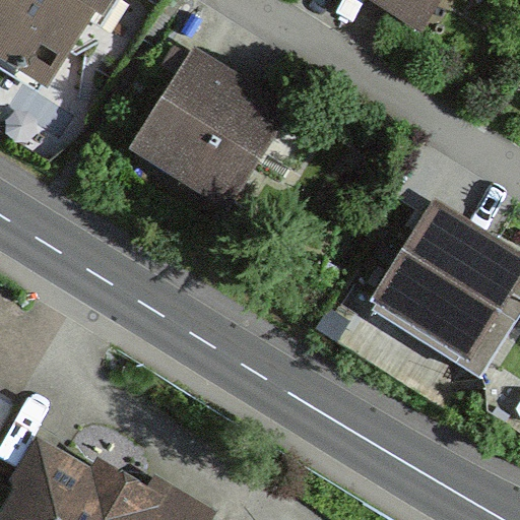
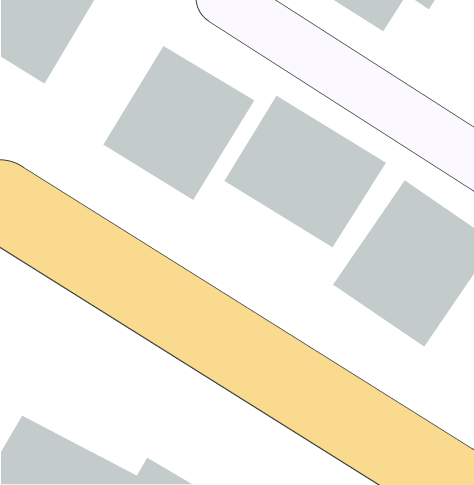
building: none -> [223,95,387,249]

